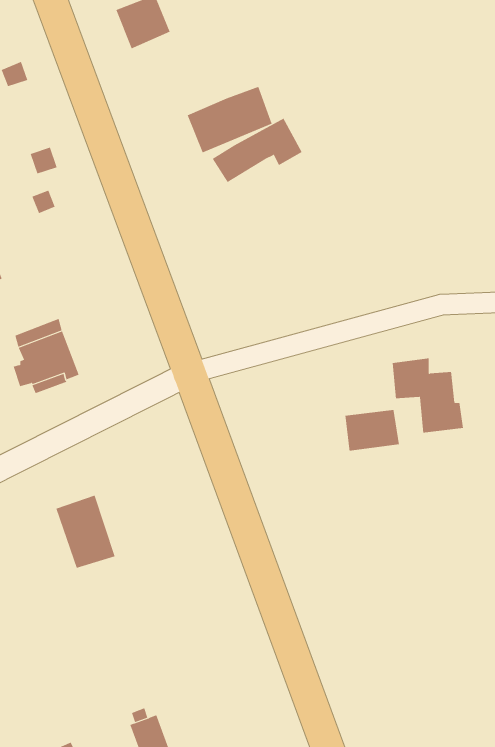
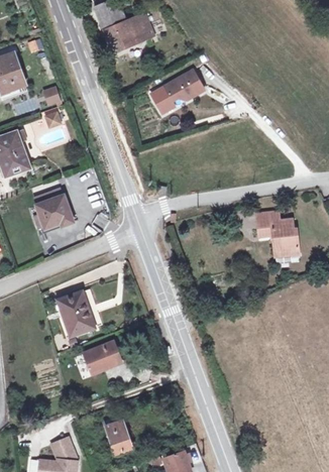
building: [187,86,273,153] -> [103,12,153,51]
building: [345,409,400,451] -> none
building: none -> [84,342,121,372]

